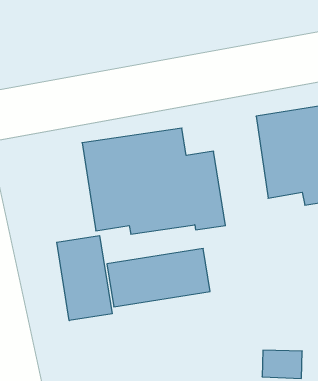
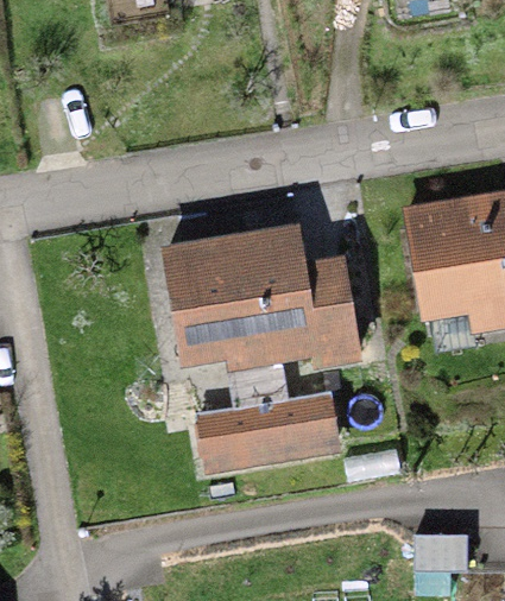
building: [57,236,112,321] -> none

